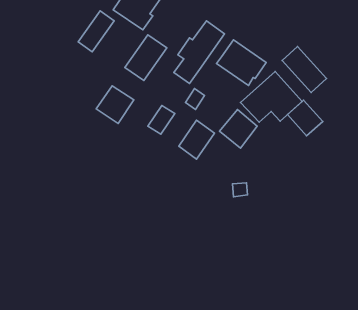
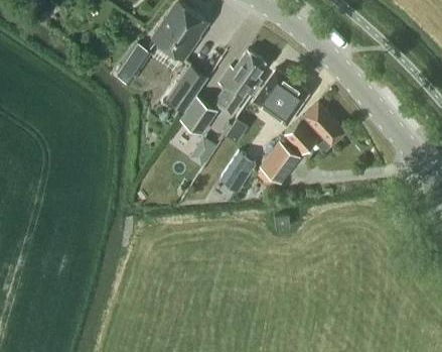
building: [282,46,326,93] -> none
building: [96,86,134,124] -> [178,98,216,136]
building: [288,100,323,136] -> none

